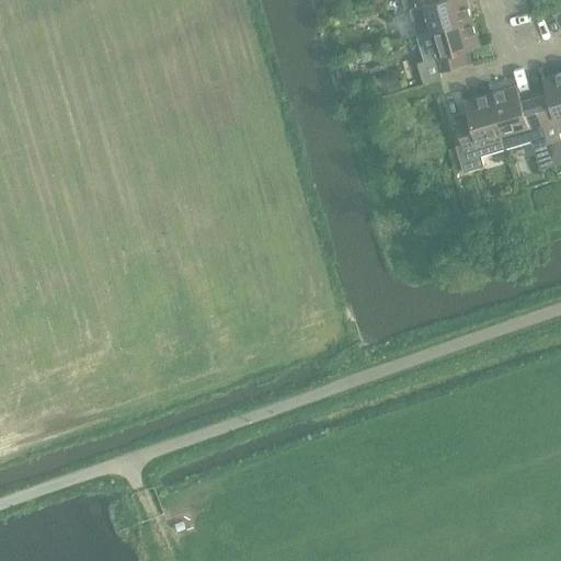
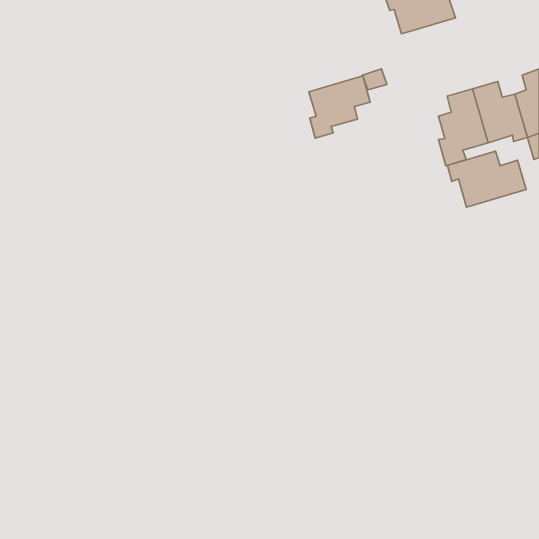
building: [416,19,480,83] -> [309,76,370,138]
building: none -> [447,151,526,207]

